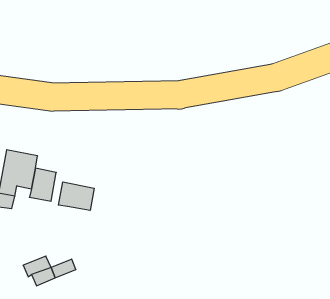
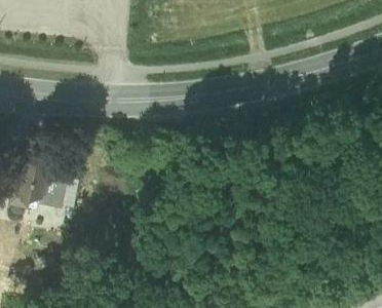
building: [58,182,94,210] -> none

